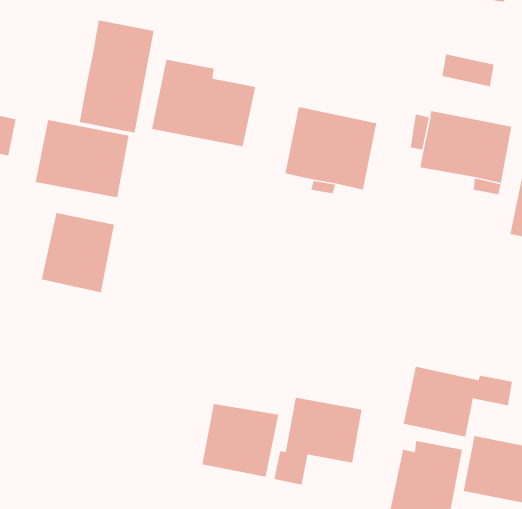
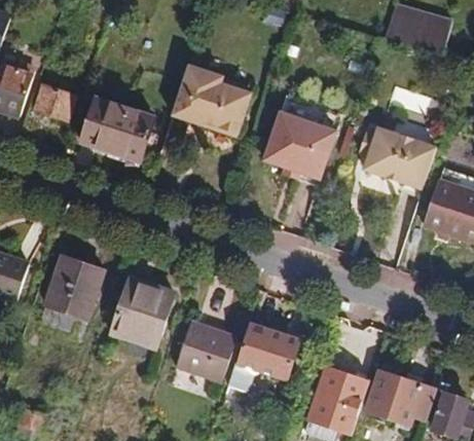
building: [79,20,155,133] -> none
building: [41,212,115,293] -> [44,255,104,319]
building: none -> [111,278,174,346]
building: [403,366,513,437] -> none

